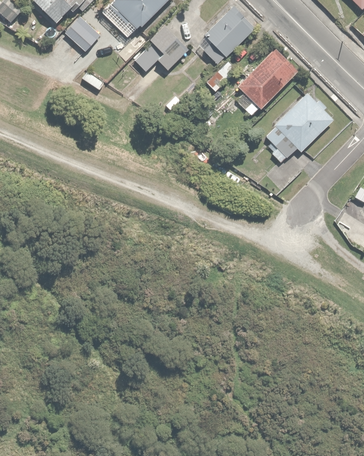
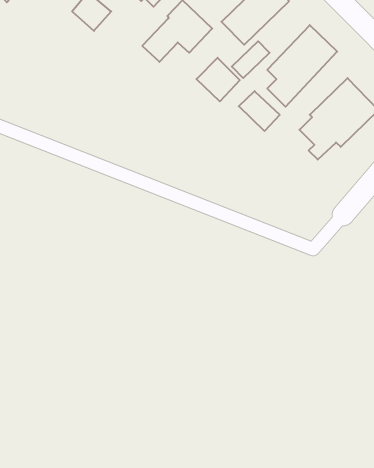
building: none -> [196,58,240,101]
building: none -> [239,91,280,131]

